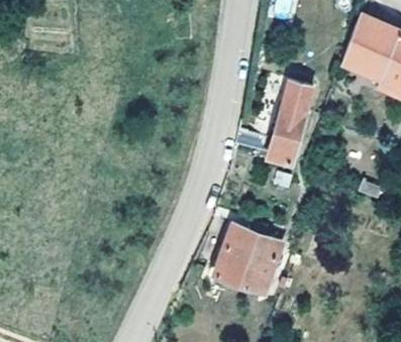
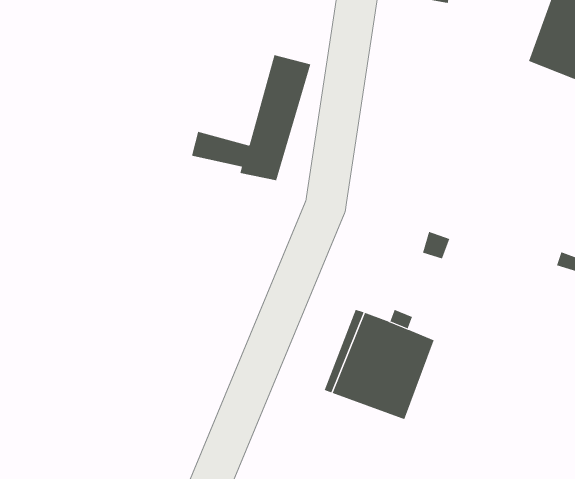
building: [235,80,313,161] -> [191,55,311,181]

